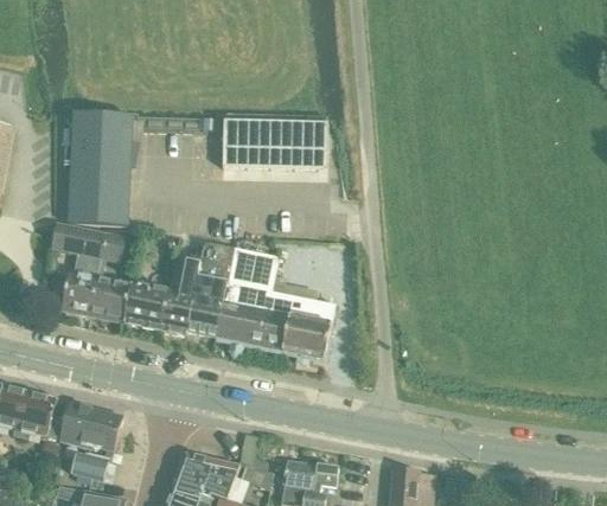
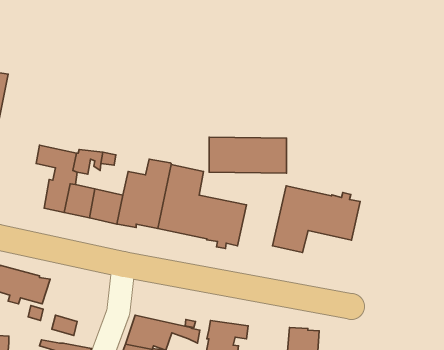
building: [66,113,130,224] -> none
building: [221,120,325,168] -> [209,137,286,173]
building: none -> [273,186,360,252]
building: [58,403,122,451] -> none

